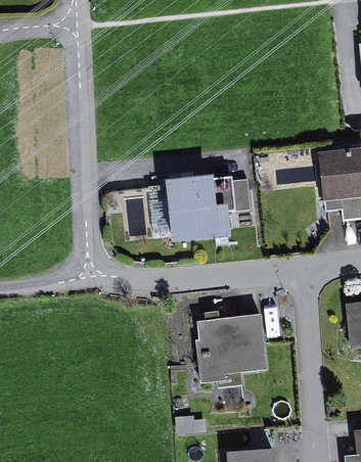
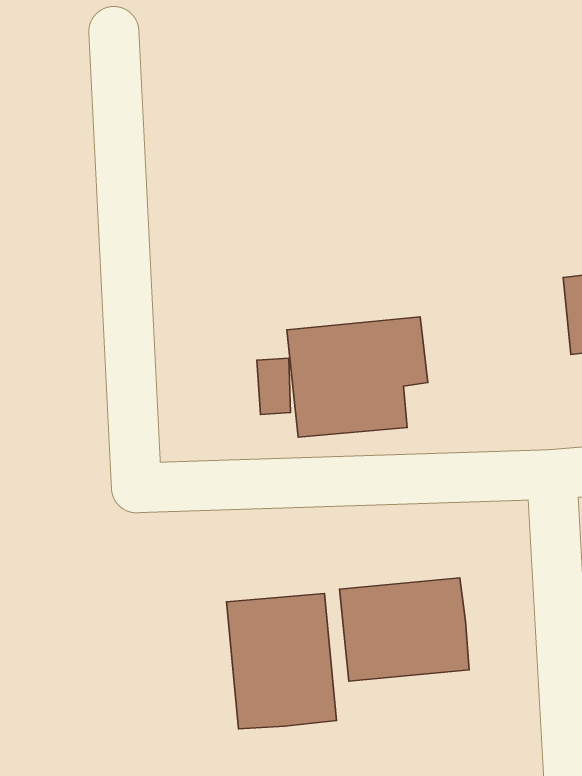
building: none -> [227,593,336,729]

